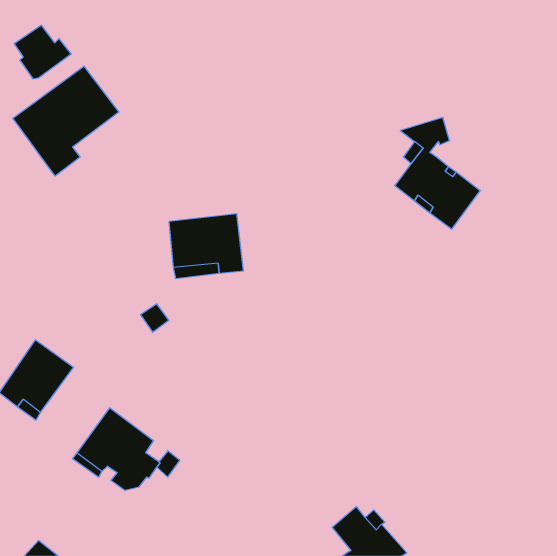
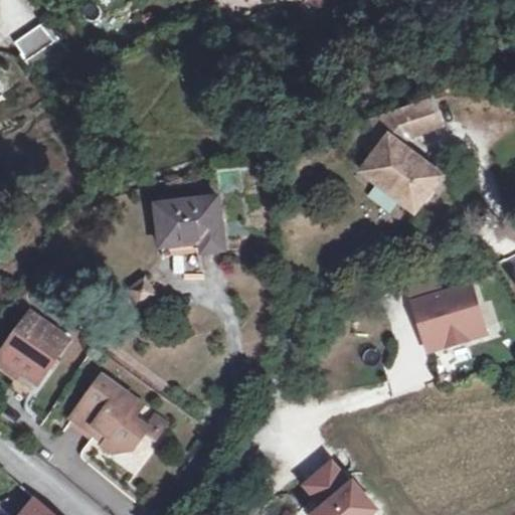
building: [13,66,119,176] -> none
building: none -> [394,100,441,145]
building: none -> [407,278,484,349]

